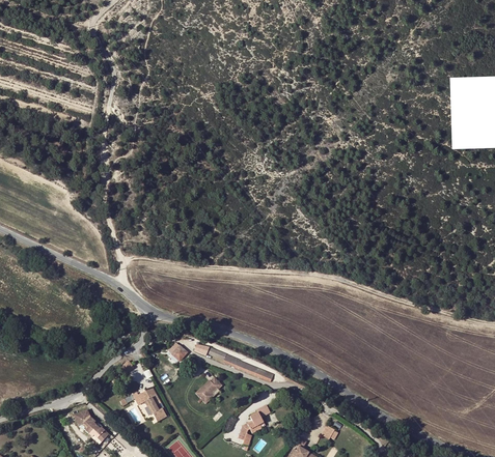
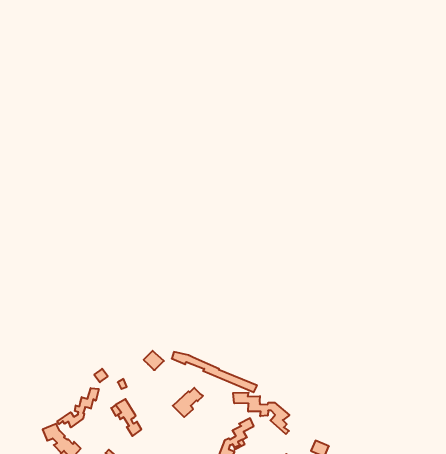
building: none -> [57,388,99,427]
building: none -> [233,393,289,434]

